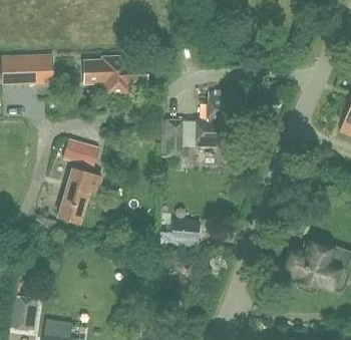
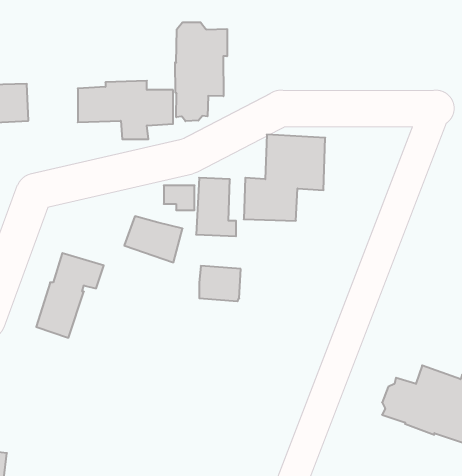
building: none -> [175,22,227,121]
building: [60,137,98,167] -> [124,216,183,262]
building: [170,221,198,244] -> [199,266,241,301]

